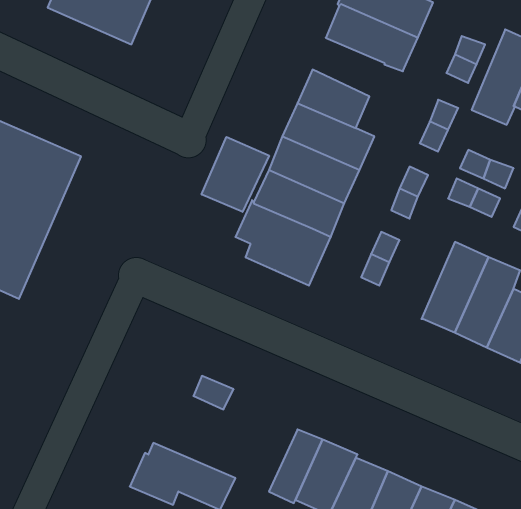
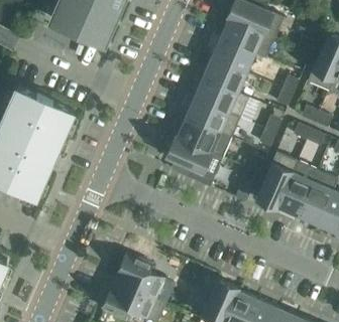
building: none -> [212,38,255,73]
building: [202,137,269,212] -> none
building: none -> [255,152,298,209]
building: none -> [116,254,174,303]

